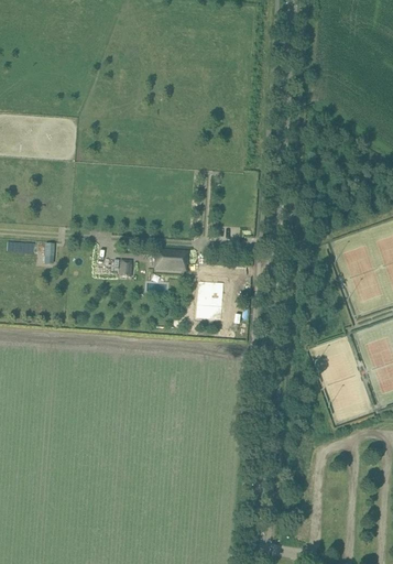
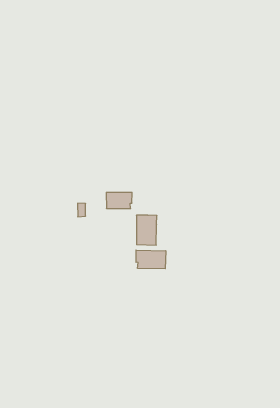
building: none -> [136,250,166,269]

